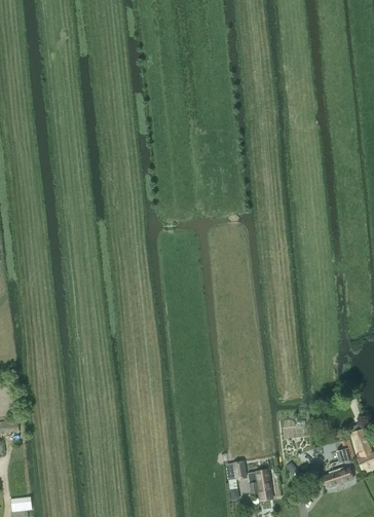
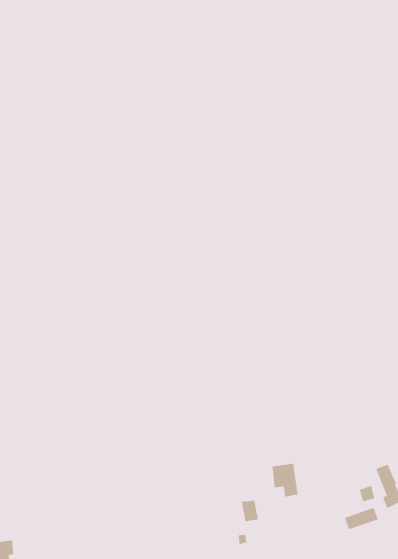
building: [248,470,271,501] -> [272,463,298,498]

